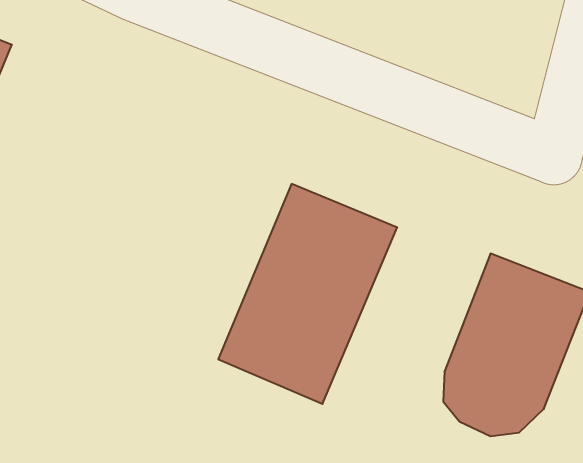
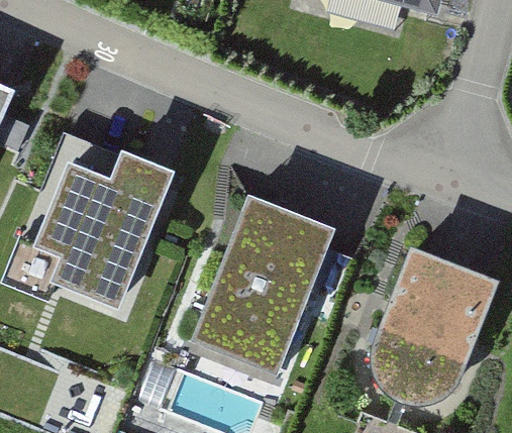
building: none -> [38,156,182,314]

